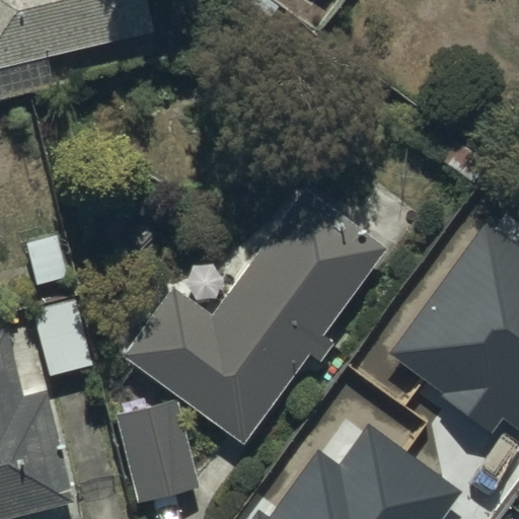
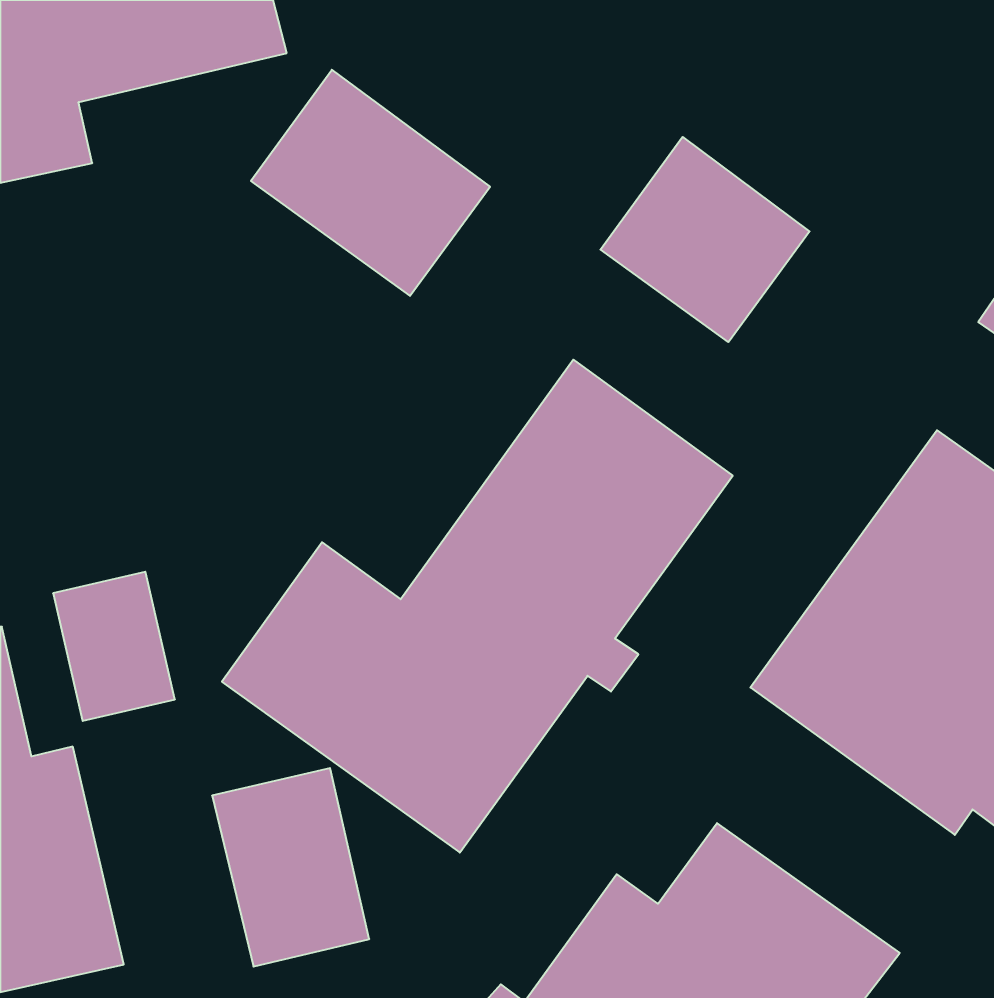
building: none -> [251,70,490,296]
building: none -> [600,137,810,342]

